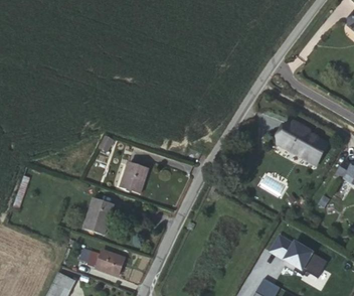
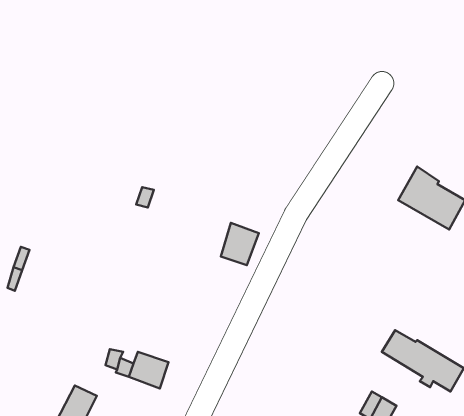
building: [122,162,148,191] -> [221,223,259,265]
building: [84,198,113,233] -> none

